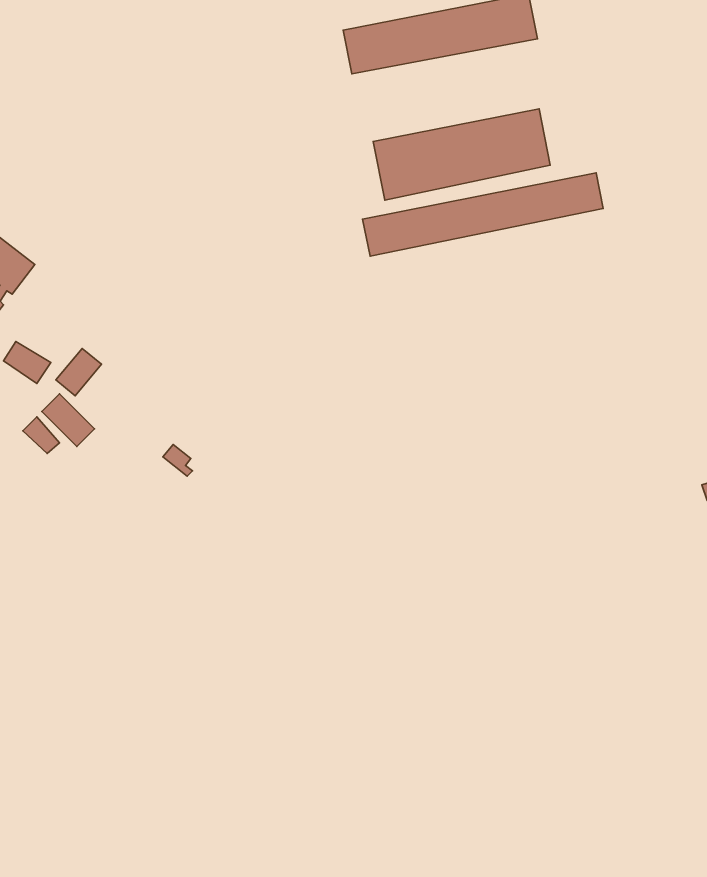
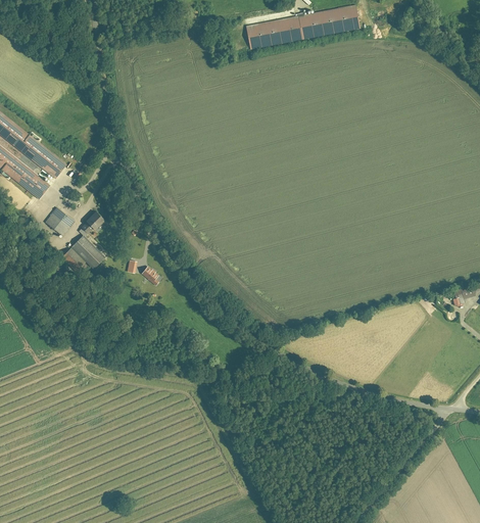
building: [373,109,550,200] -> none
building: [362,173,603,256] -> none

